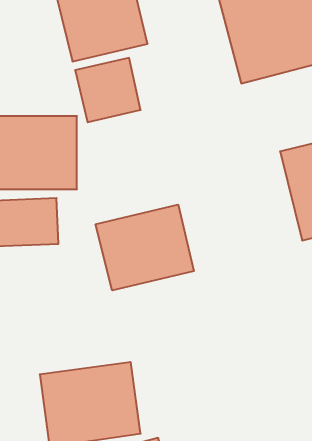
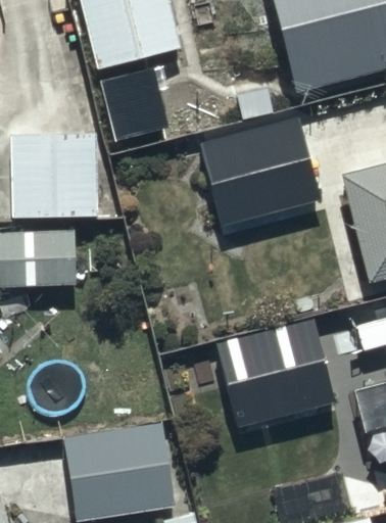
building: none -> [200,117,323,227]
building: [96,205,194,290] -> none
building: none -> [214,318,340,424]

